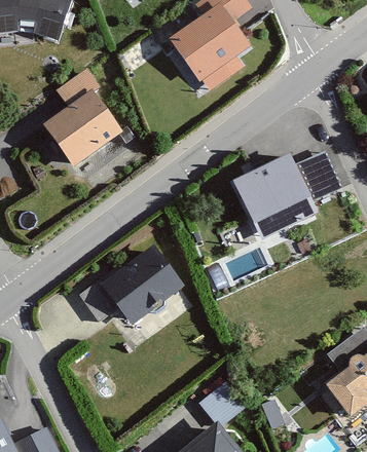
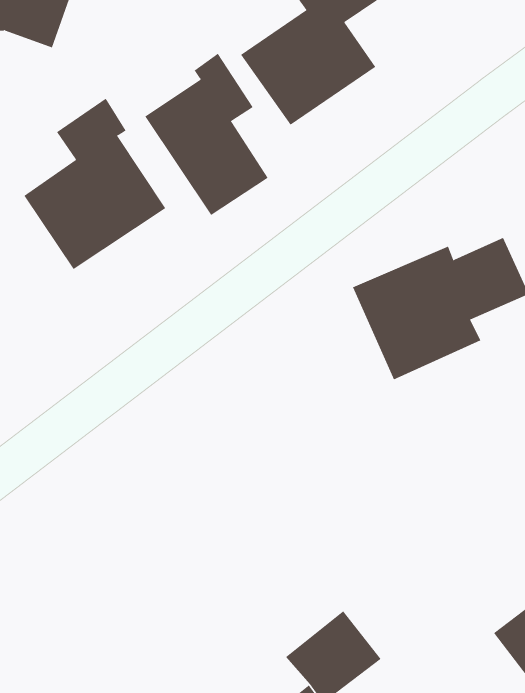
building: none -> [144,53,268,216]
building: [79,237,185,330] -> none

